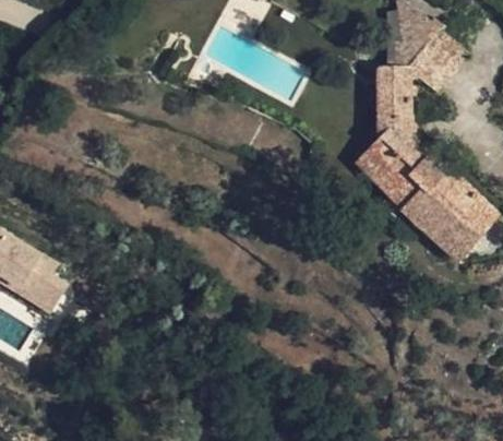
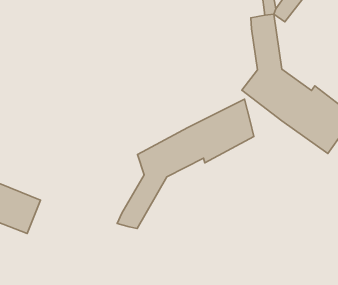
building: none -> [117,99,254,228]

